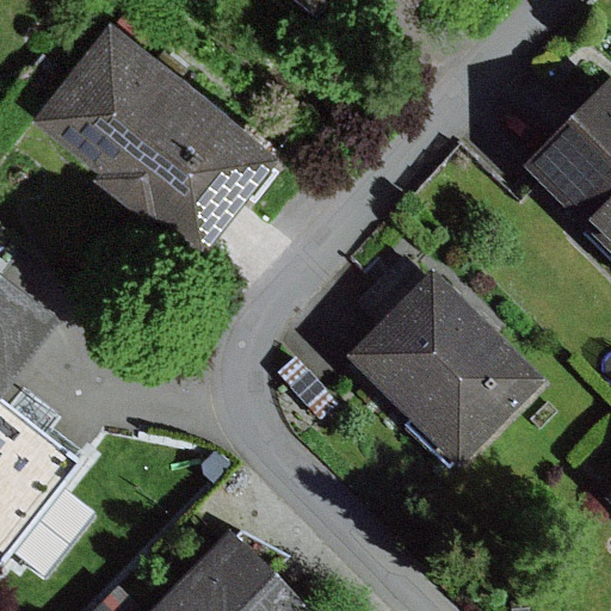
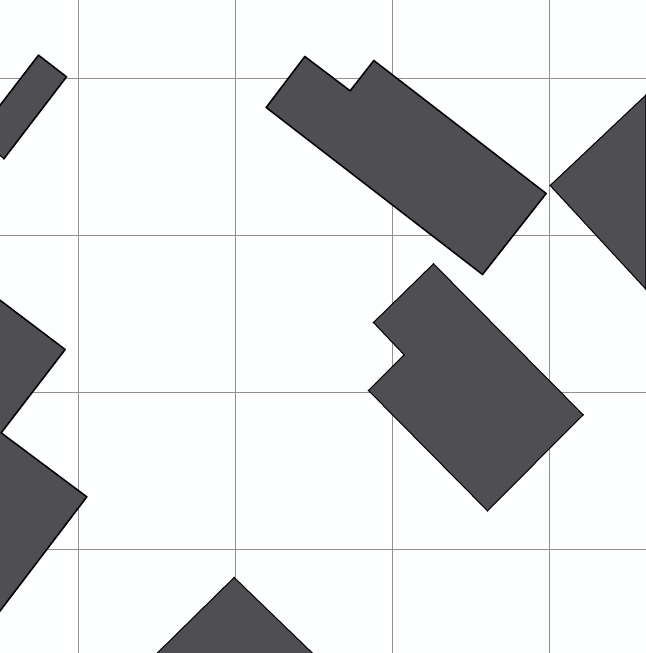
building: [36,20,280,247] -> none
building: none -> [266,56,546,275]

